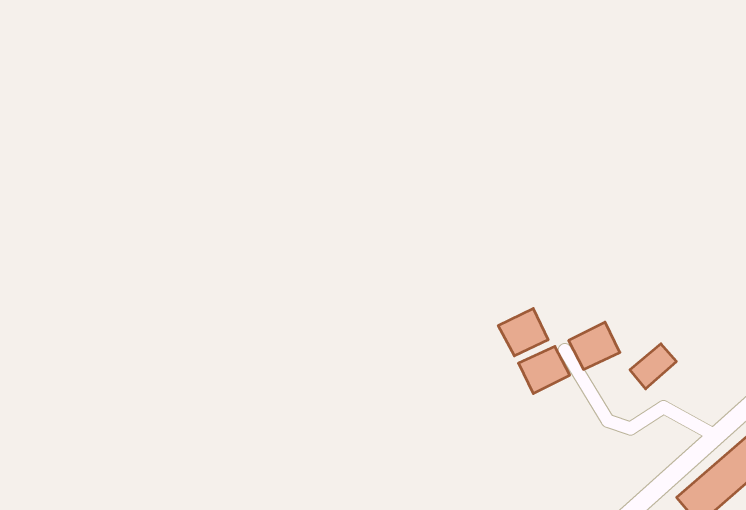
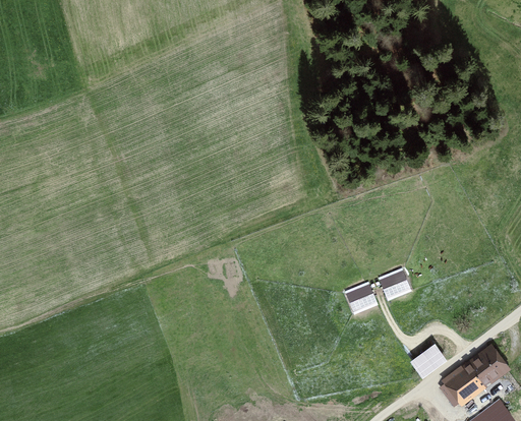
building: [498,308,548,356] -> none
building: [630,344,676,389] -> [413,345,444,373]

